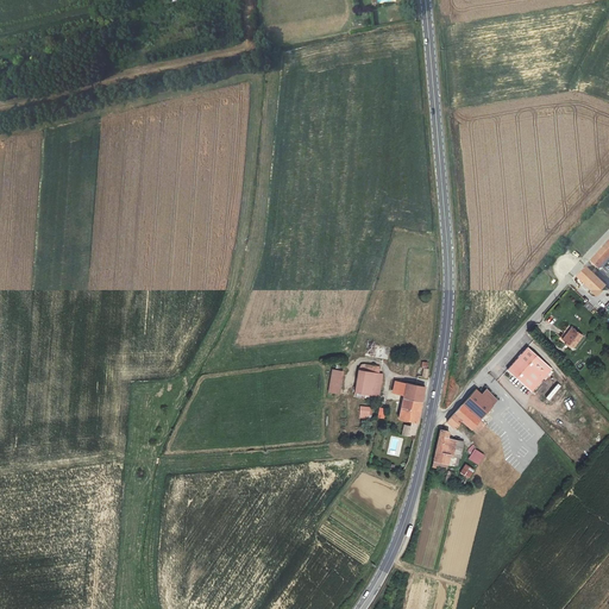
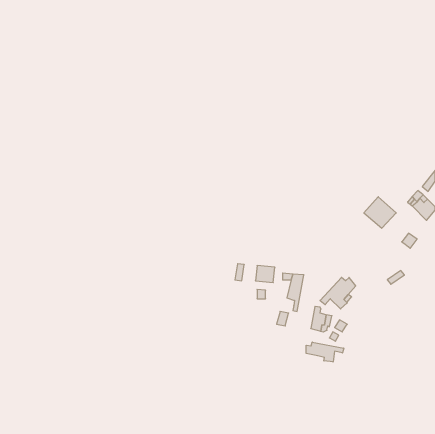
building: [507,346,552,390] -> [364,197,396,228]
building: none -> [306,342,344,362]

